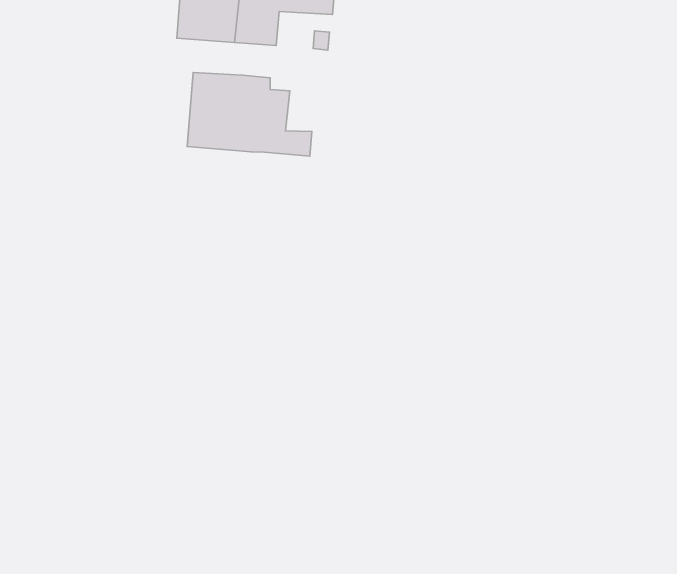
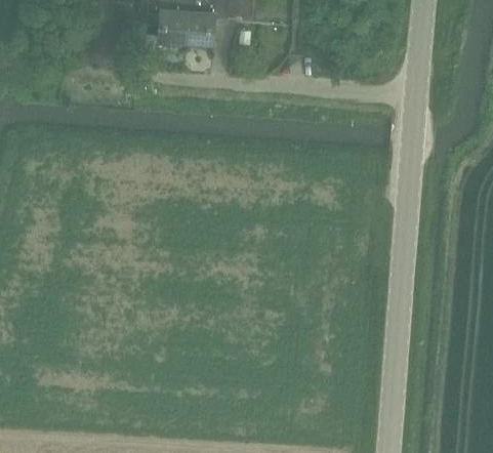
building: [187,72,312,156] -> none

